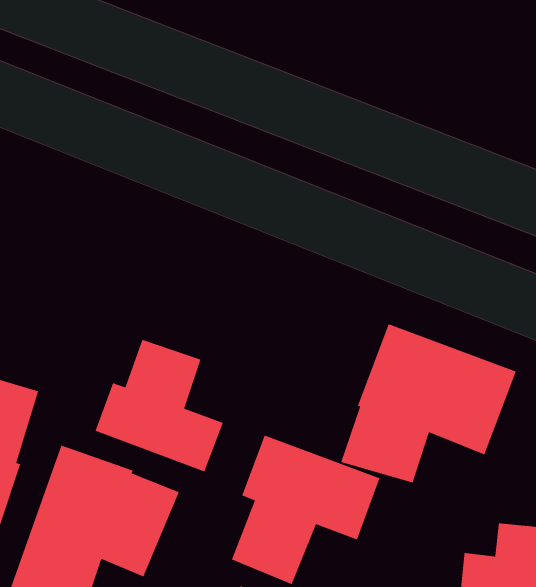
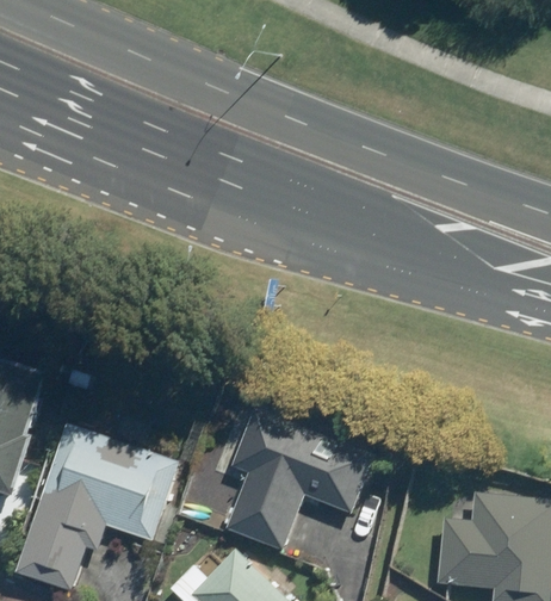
building: [340,323,517,483] -> none
building: [94,339,224,472] -> none

